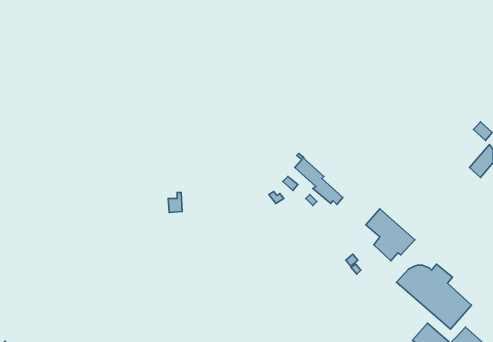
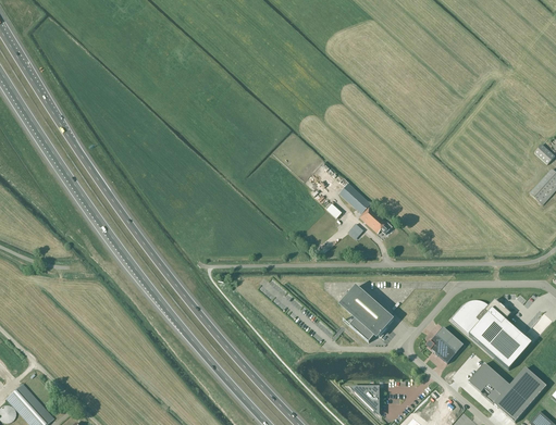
building: [366,209,415,261] -> [341,285,394,341]
building: none -> [427,325,462,362]

